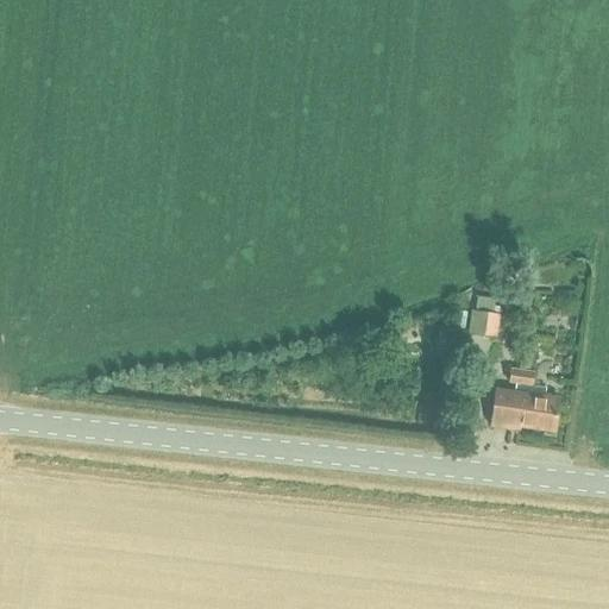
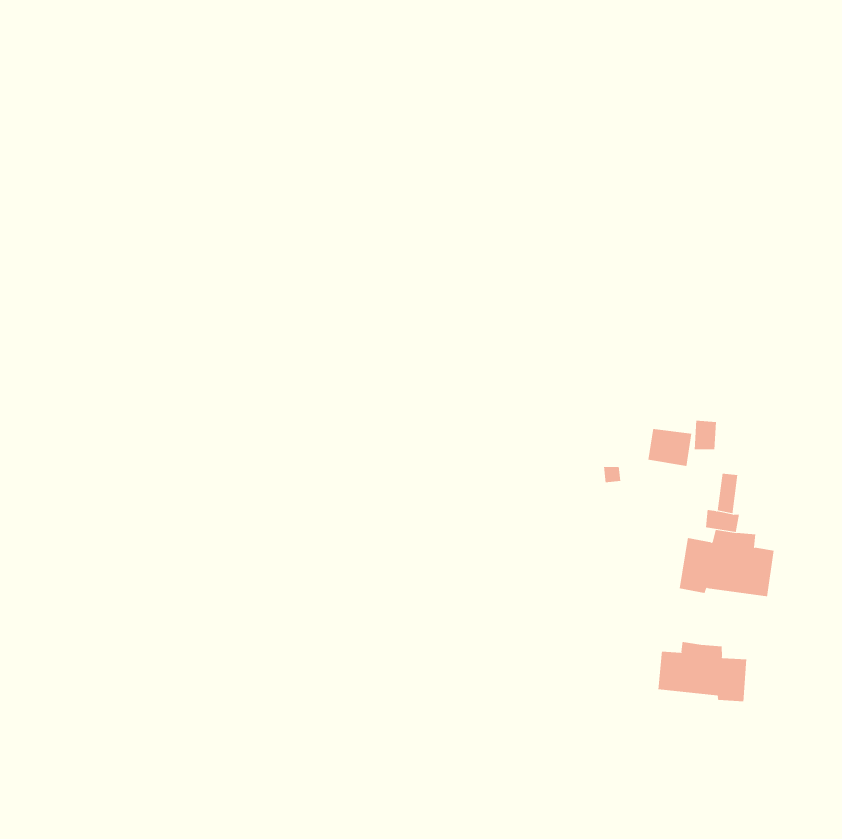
building: none -> [658,641,747,702]

